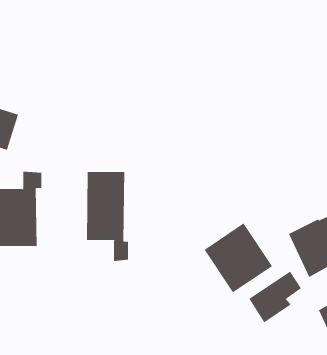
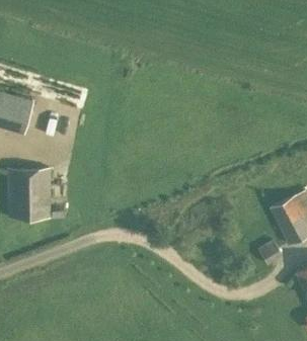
building: [86,171,128,262] -> none
building: [204,222,273,293] -> none

